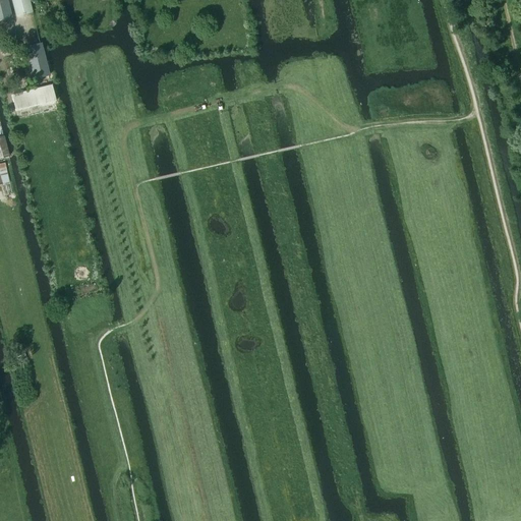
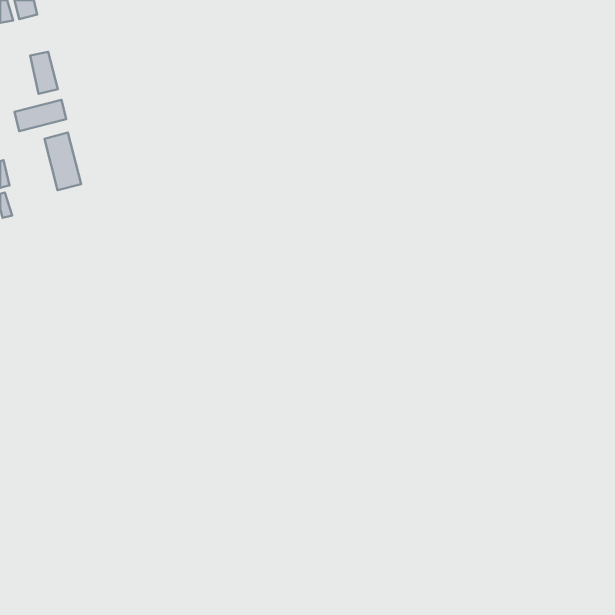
building: none -> [44,133,81,190]

